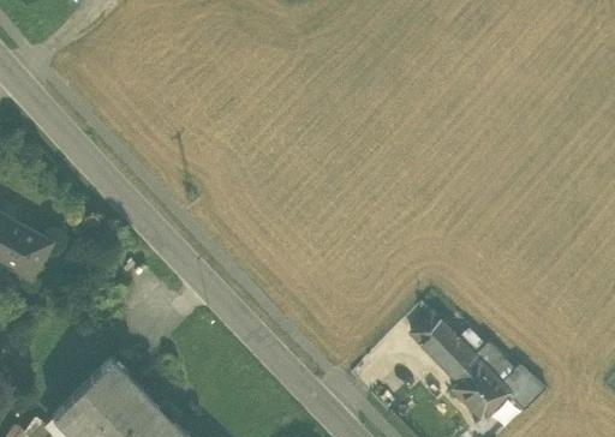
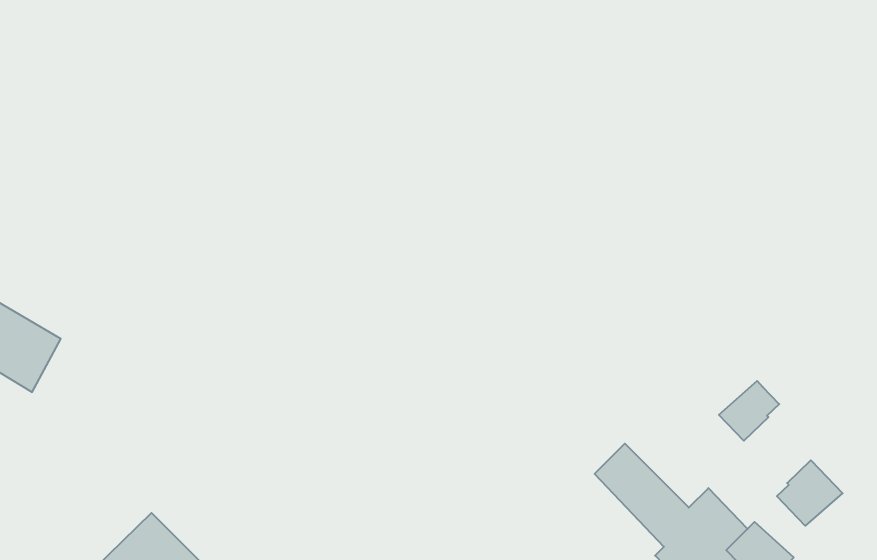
building: none -> [719,381,779,441]
building: none -> [777,460,843,526]

